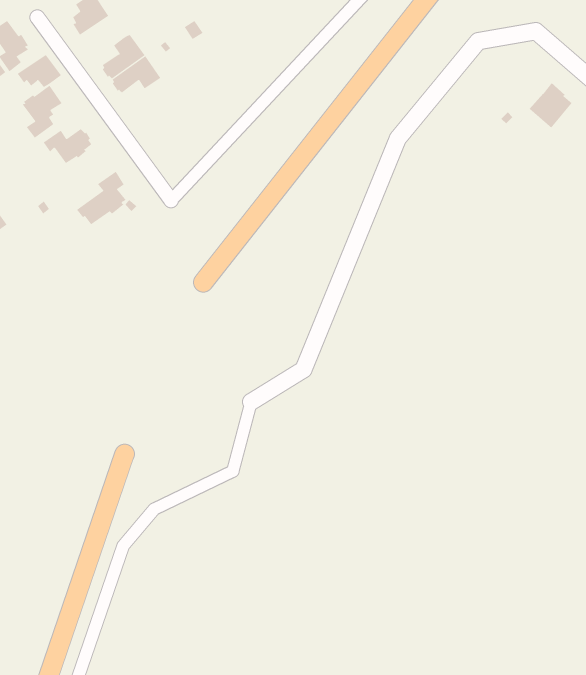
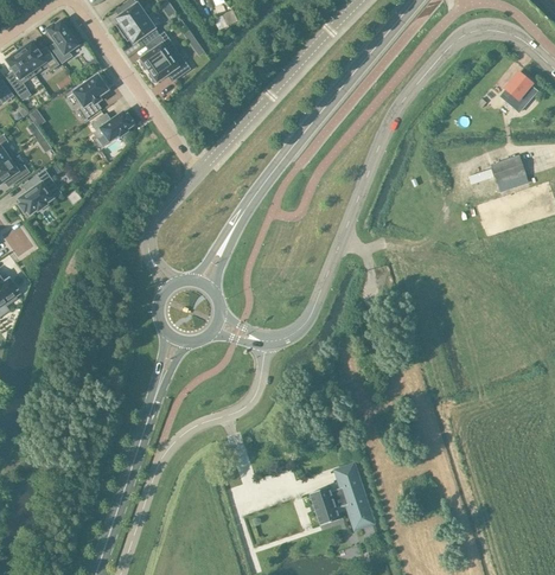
building: [17,54,62,88] -> [121,17,159,45]
building: [76,171,126,225] -> none
building: none -> [490,155,525,184]
building: none -> [308,464,369,525]

